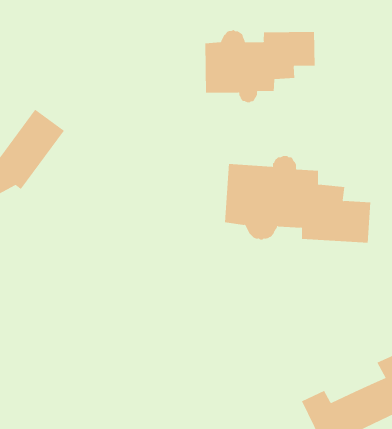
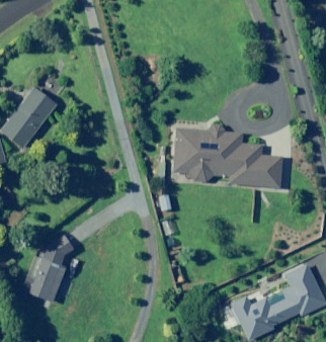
building: [205,29,315,103] -> none
building: none -> [26,237,76,303]

